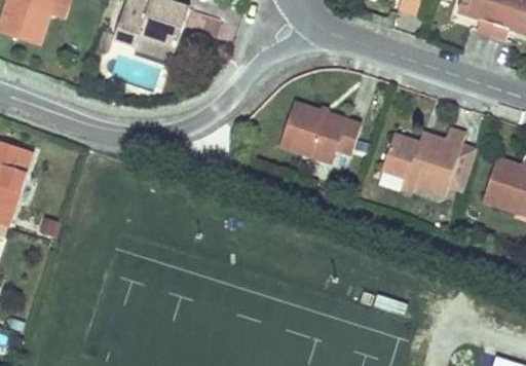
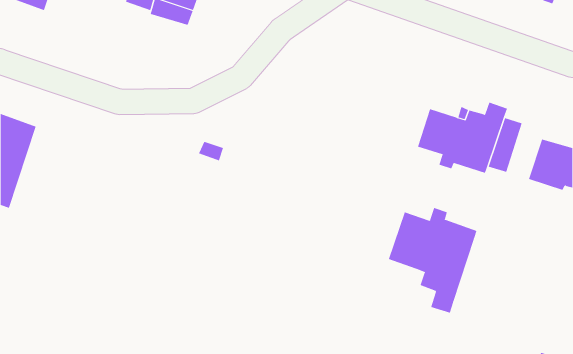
building: [280,101,362,160] -> none
building: none -> [388,207,477,314]

